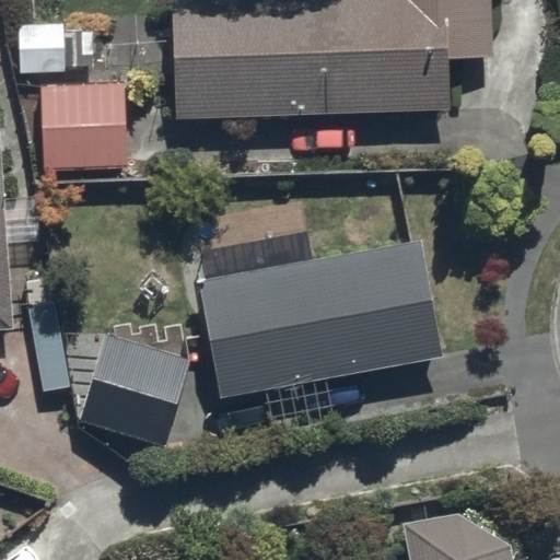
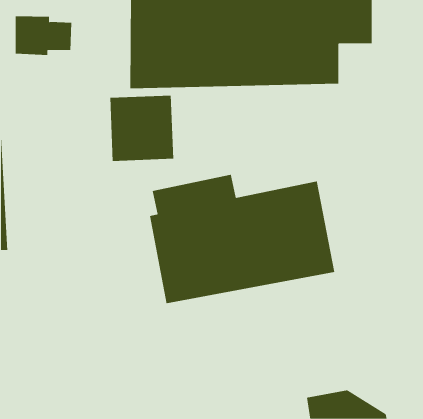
building: [40,82,126,170] -> [109,95,174,161]
building: [77,331,194,447] -> none

